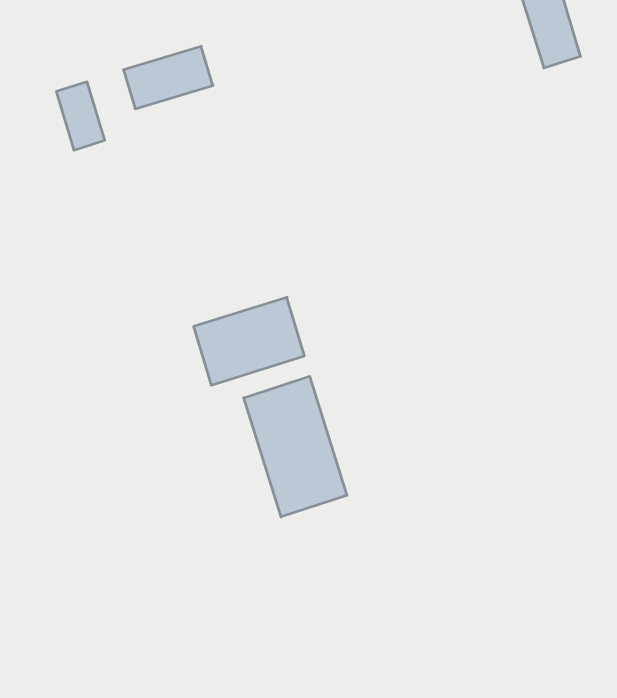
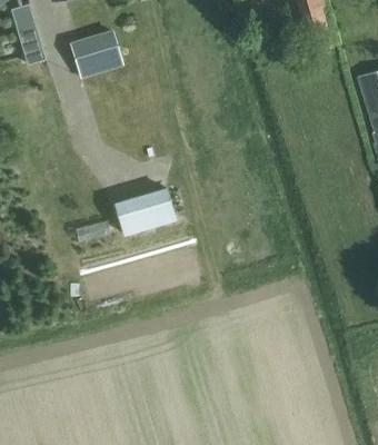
building: [56,82,105,150] -> [14,22,42,61]
building: [244,376,347,517] -> none

